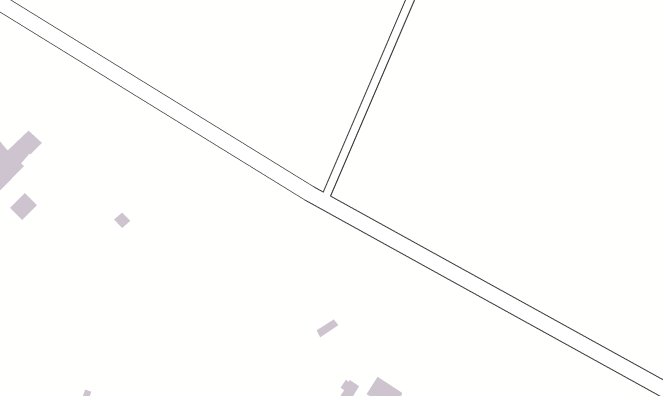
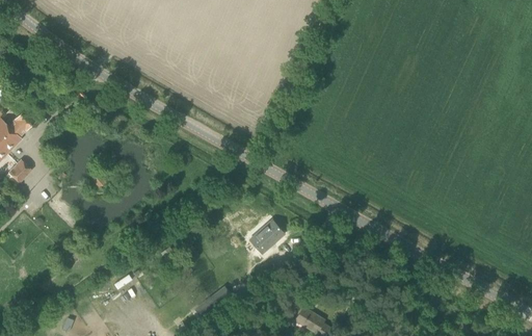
building: none -> [248,219,284,252]

